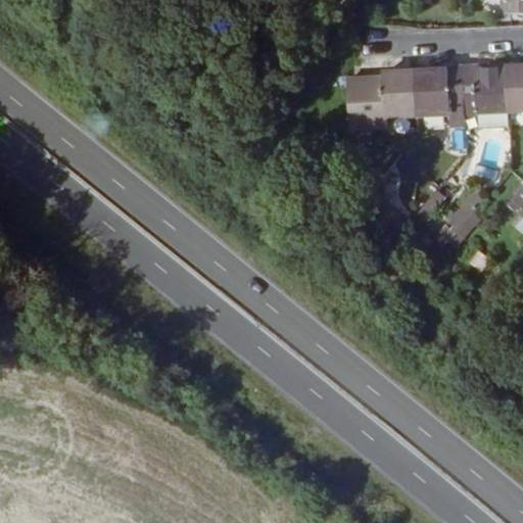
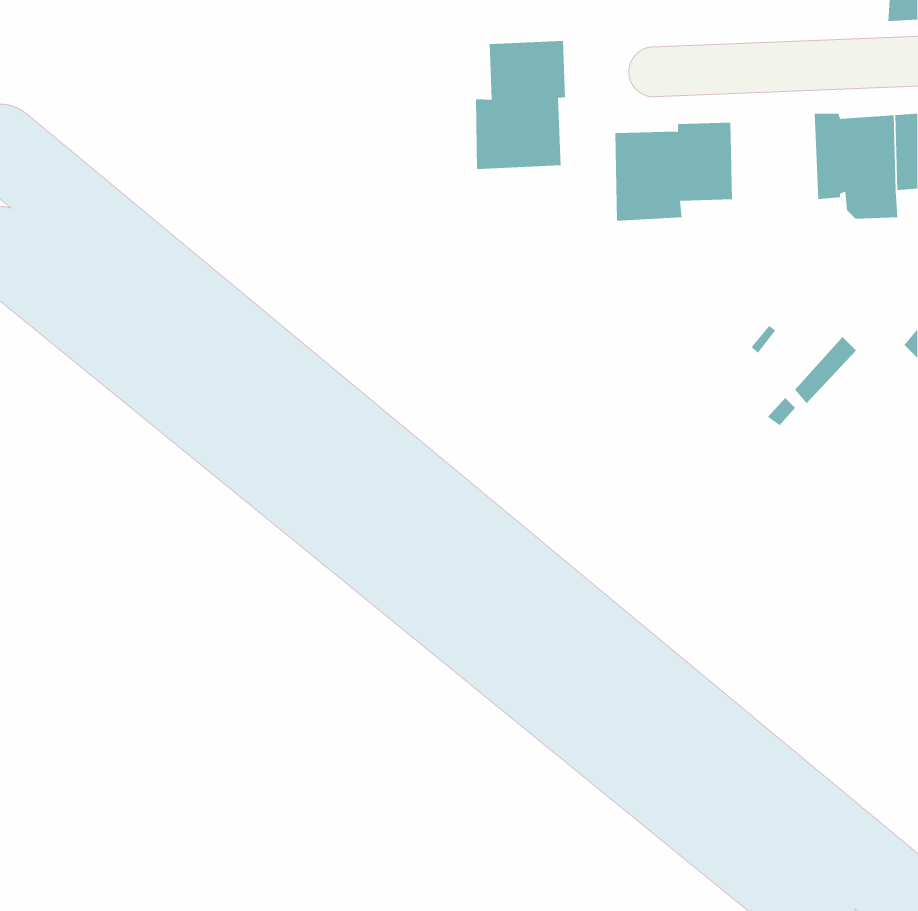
building: none -> [475,40,566,170]
building: [416,64,465,124] -> none

